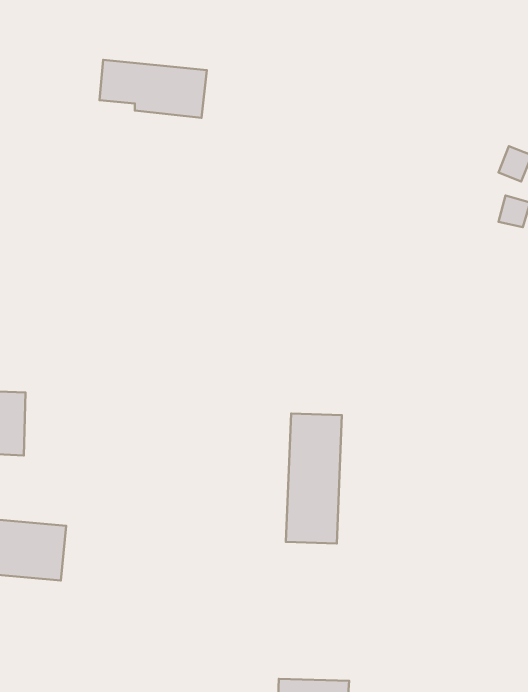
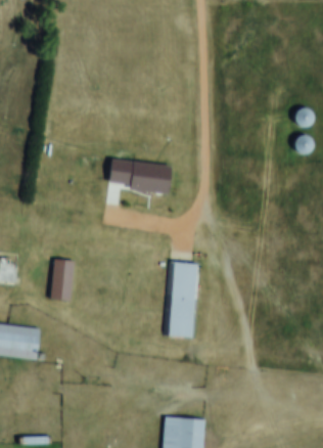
building: [100,60,207,118] -> [109,160,172,193]
building: none -> [51,259,76,300]

